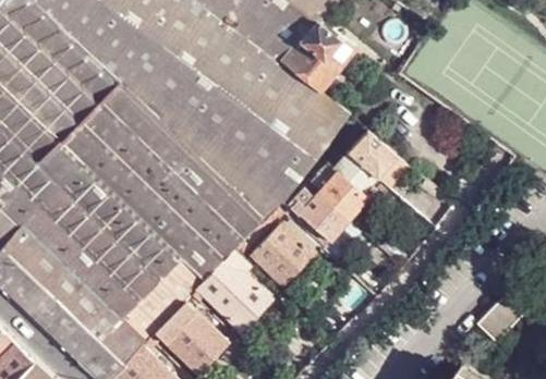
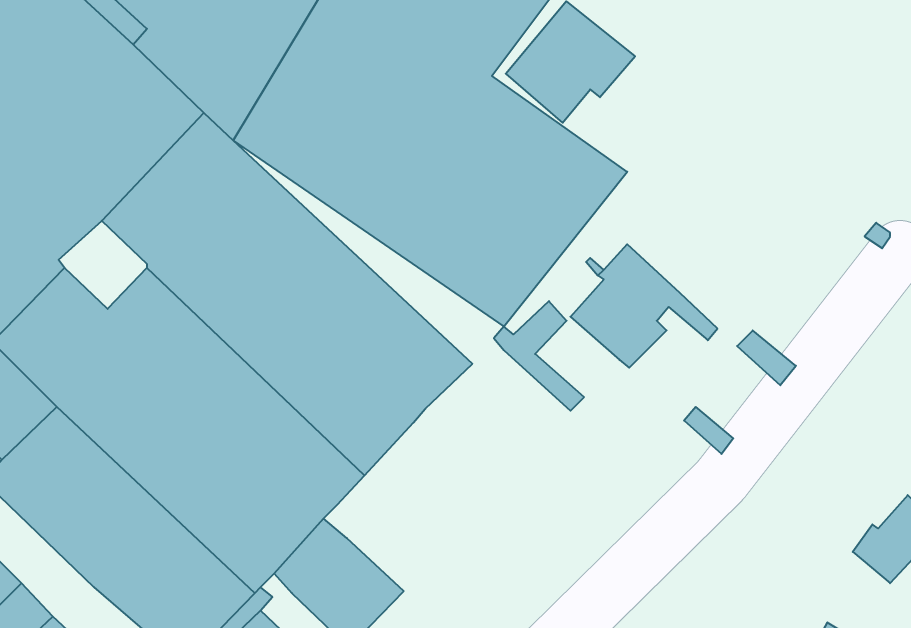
building: [352,132,410,198] -> none
building: [36,138,85,187] -> none
building: [301,192,348,236] -> none
building: [240,213,312,283] -> none
building: [201,265,268,331] -> none

